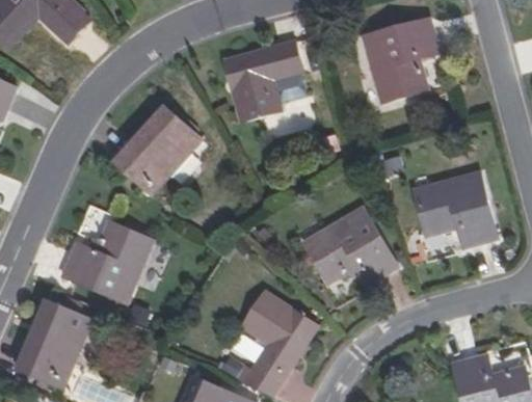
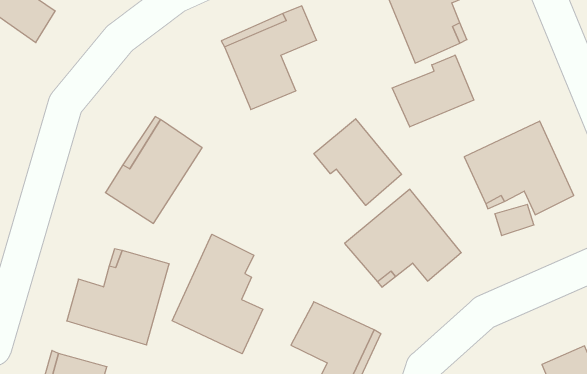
building: none -> [392,55,474,127]
building: none -> [314,119,402,205]
building: none -> [172,234,263,354]

